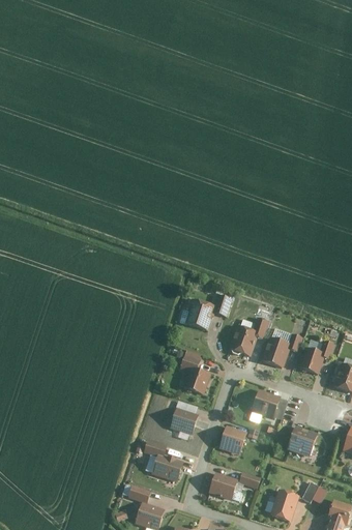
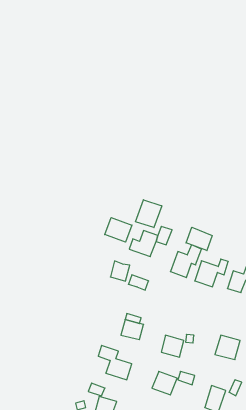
building: none -> [136,200,162,228]
building: none -> [105,218,132,242]
building: none -> [186,227,212,251]
building: [183,366,207,391] -> [110,261,130,281]
building: [248,388,278,418] -> none

